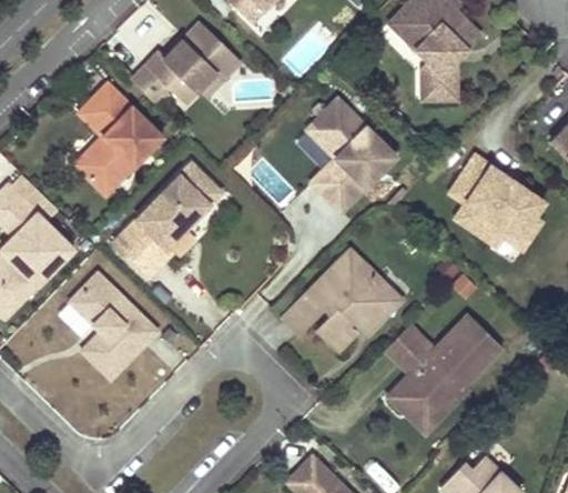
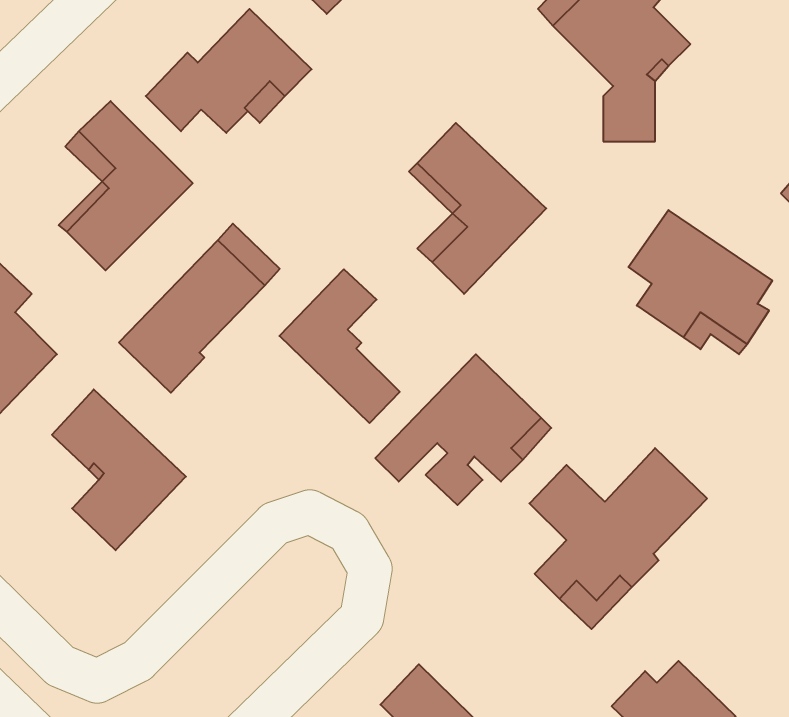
building: none -> [279,269,400,423]

